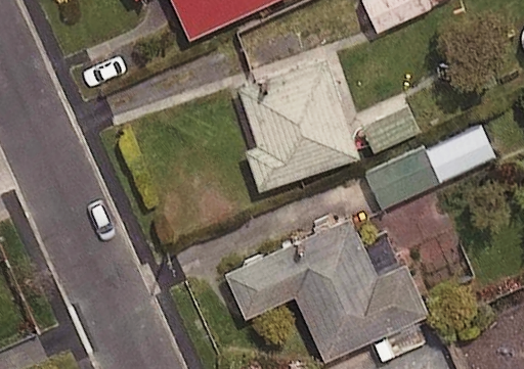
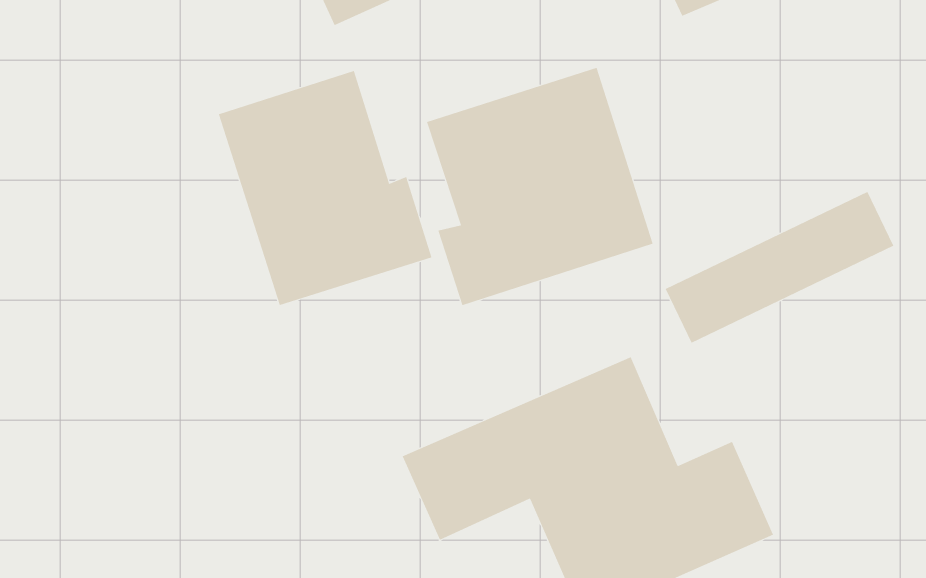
building: none -> [218,70,432,306]

